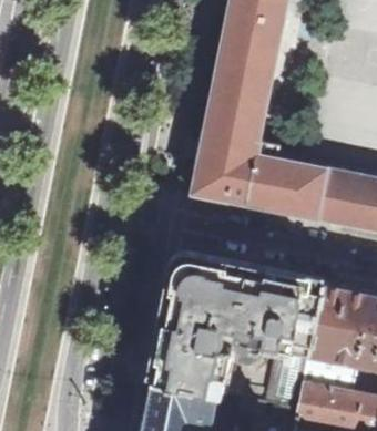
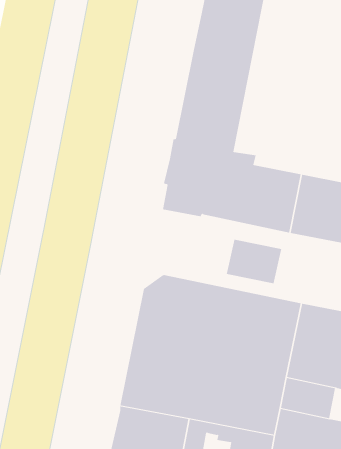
building: none -> [226,239,282,284]

